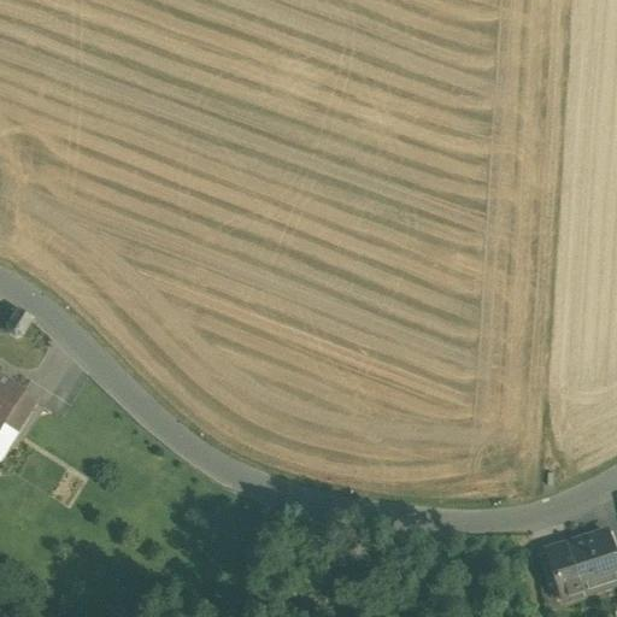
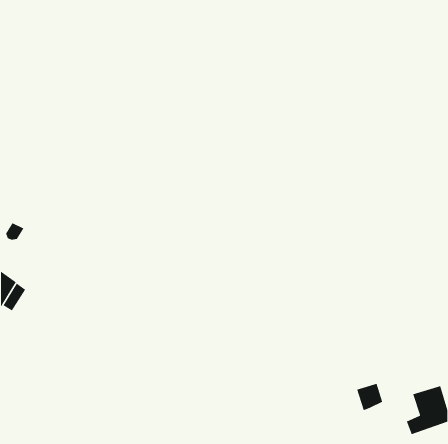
building: [539,543,576,582] -> [356,383,383,411]

